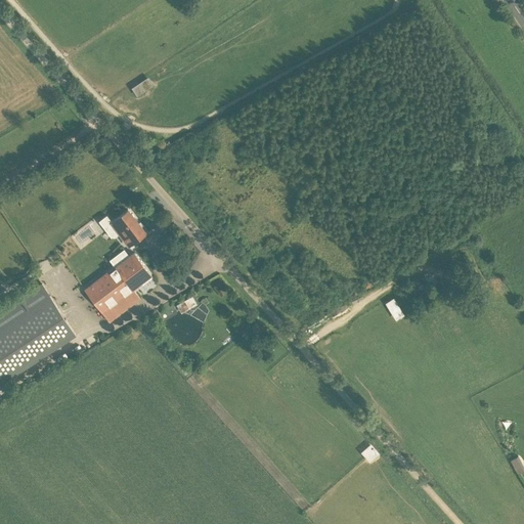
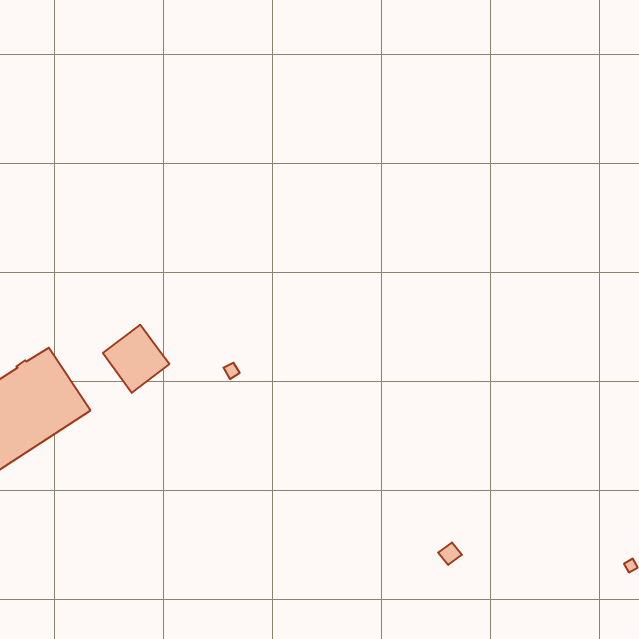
building: [108,212,142,247] -> none
building: [115,253,150,290] -> none

